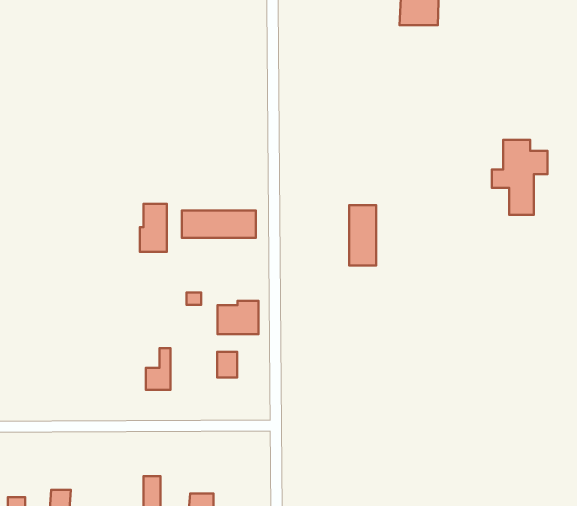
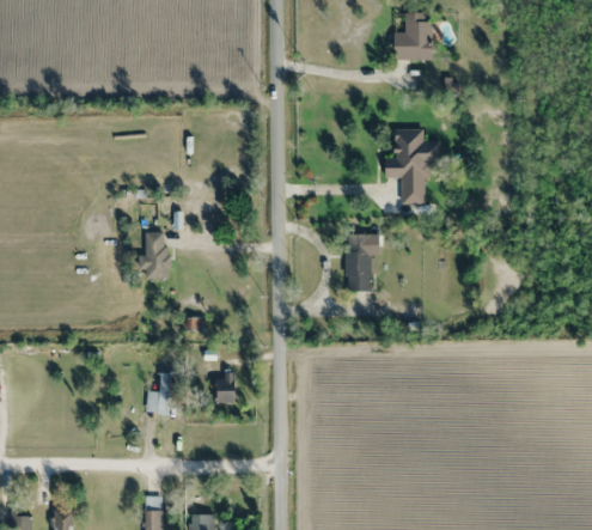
building: [492,140,547,215] -> [385,130,439,203]
building: [182,210,256,238] -> none
building: [218,301,259,334] -> none

